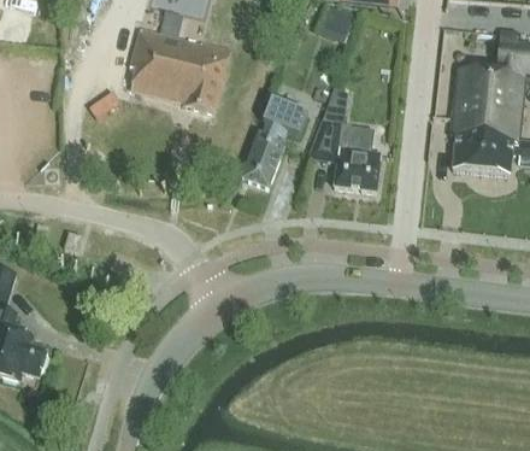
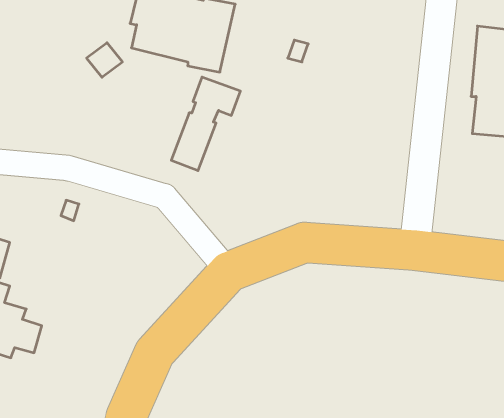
building: [308,88,381,192] -> none
building: [242,99,307,187] -> [171,77,240,171]

